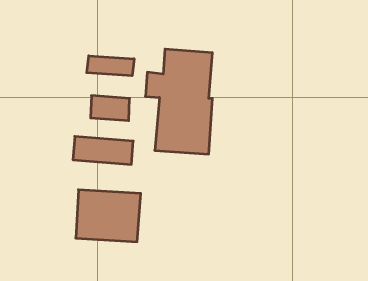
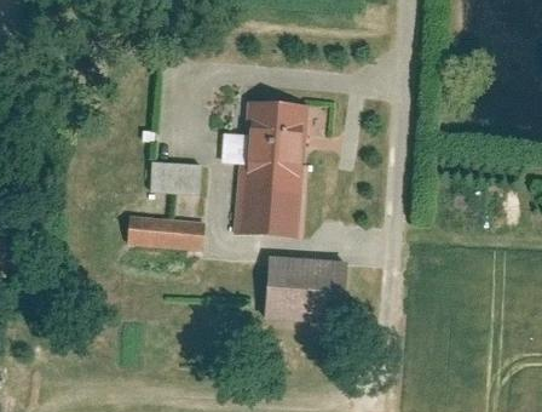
building: [87,56,134,76] -> none
building: [76,190,141,242] -> [265,256,350,324]

